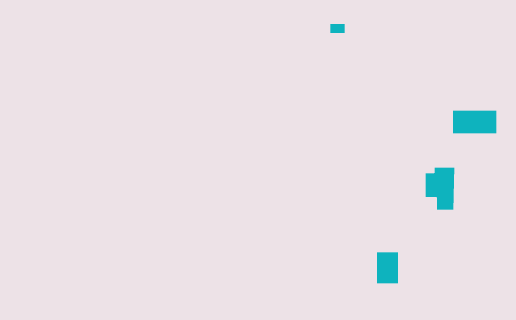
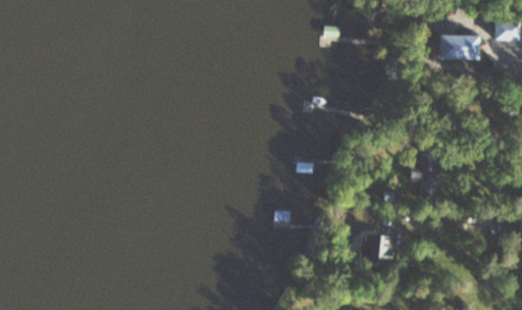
building: [452,110,497,134] -> [438,36,479,57]

